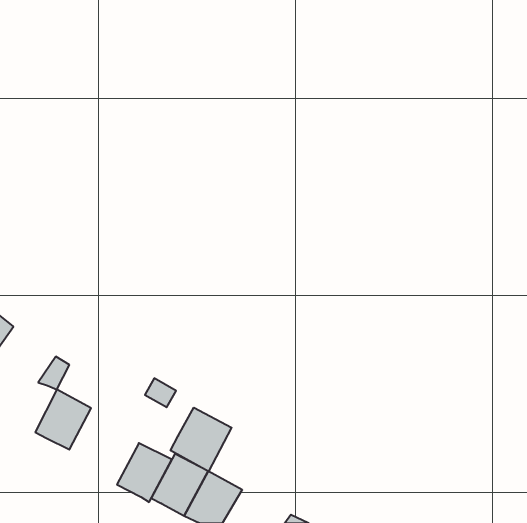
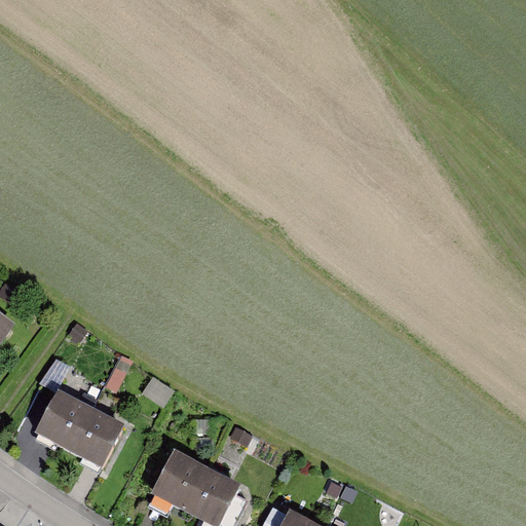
building: [171,408,232,472] -> none
building: [117,443,172,502] -> [69,406,123,464]

